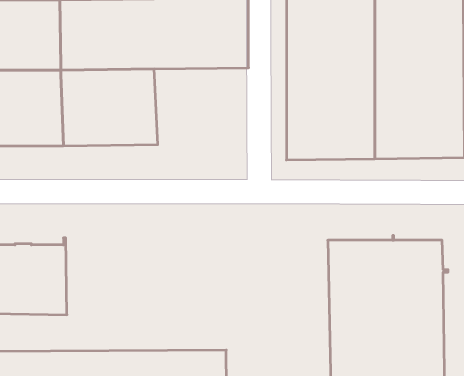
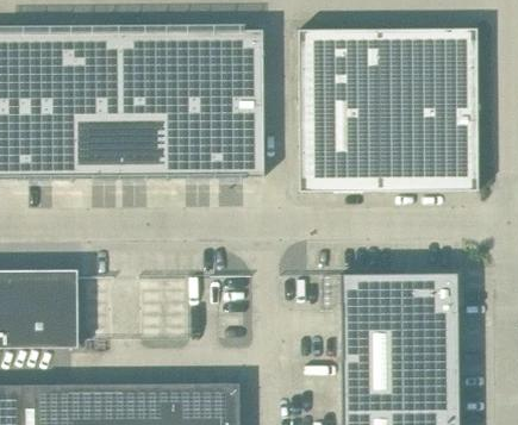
building: none -> [166,99,262,176]

